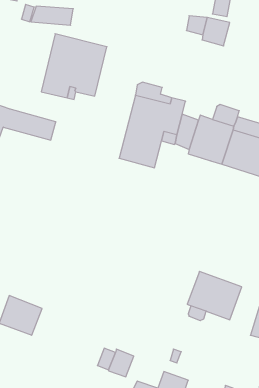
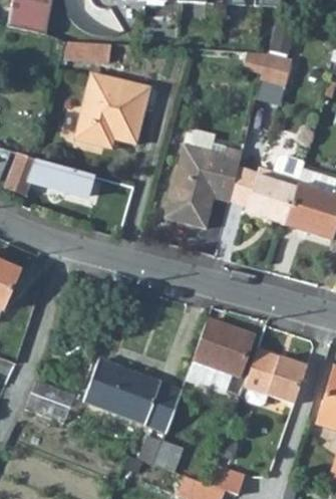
building: none -> [193,318,253,376]
building: none -> [83,358,181,430]

